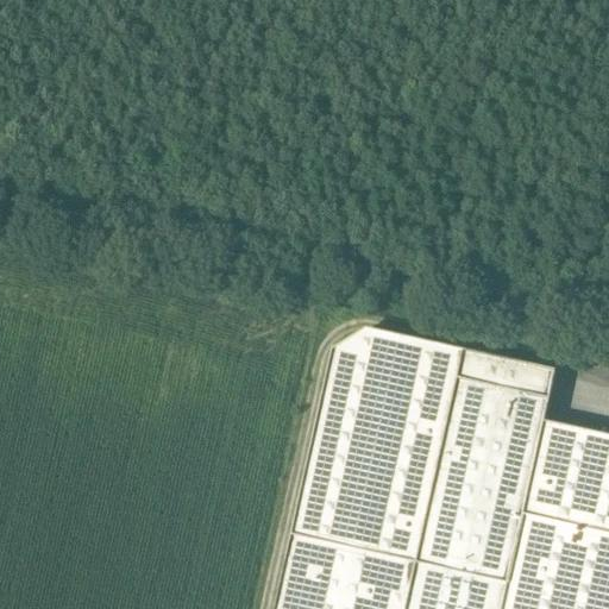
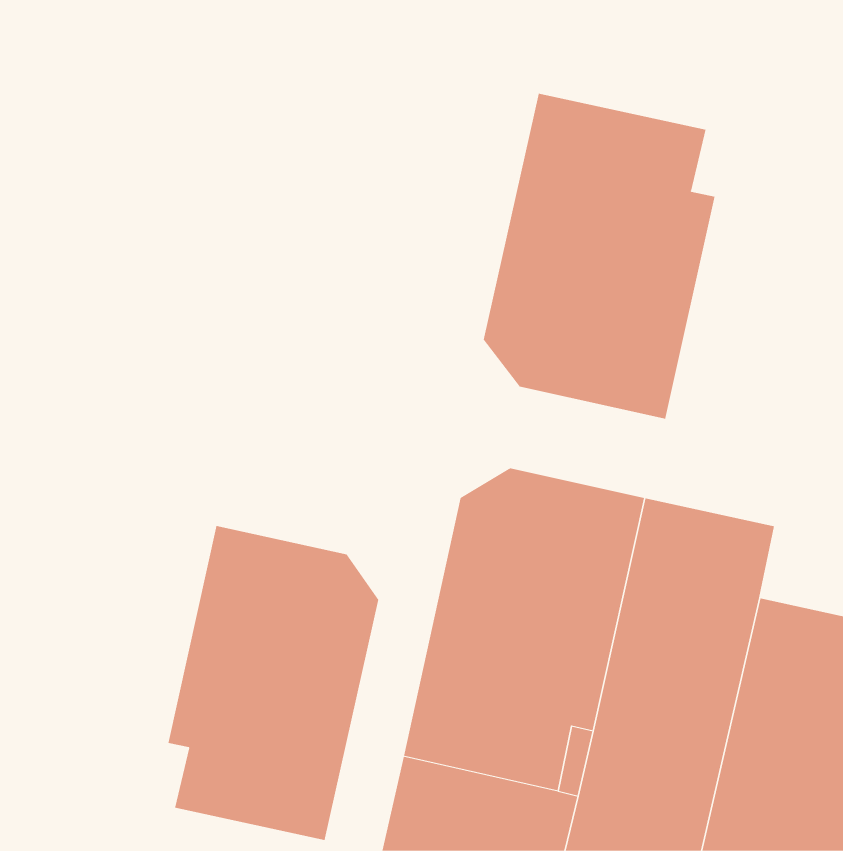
building: none -> [483,93,715,419]
building: none -> [168,525,379,841]

